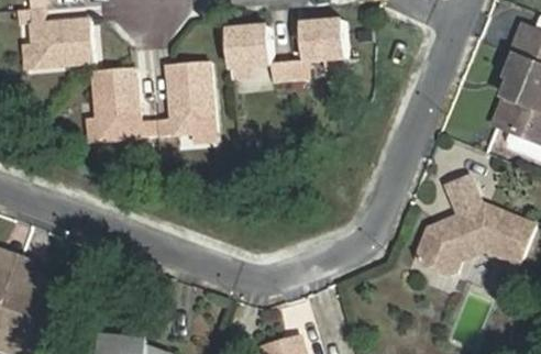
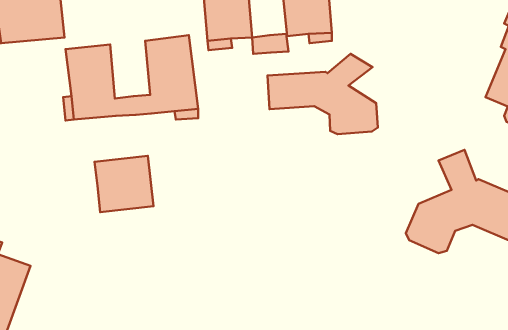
building: none -> [267,54,378,134]
building: none -> [94,156,153,212]

